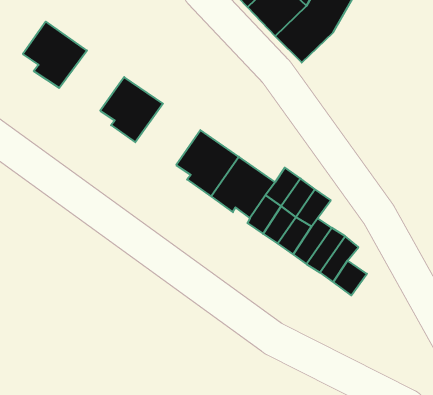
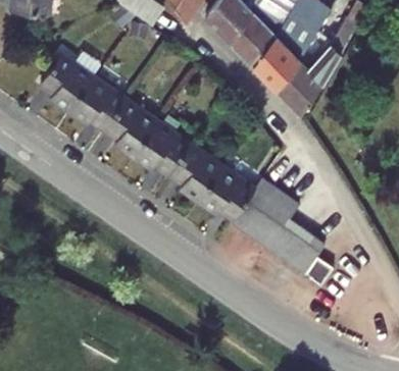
building: none -> [278,44,345,115]
building: none -> [72,78,128,129]
building: none -> [137,123,192,175]

